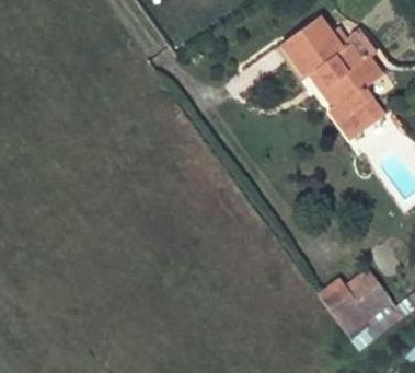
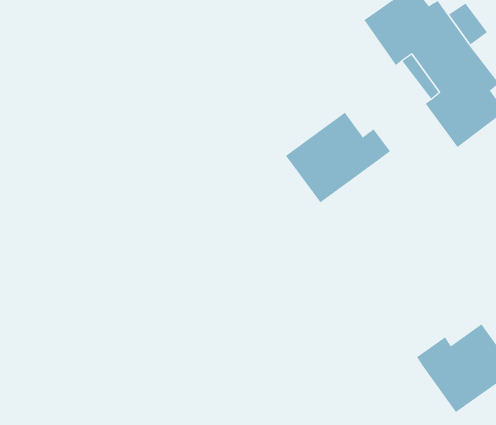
building: none -> [285,112,391,203]

